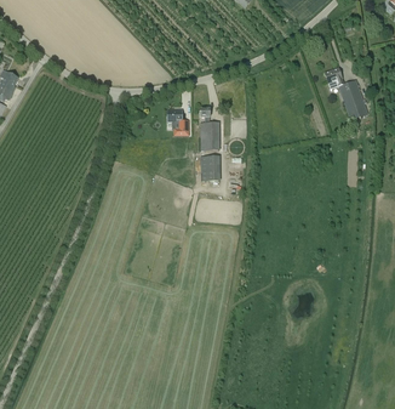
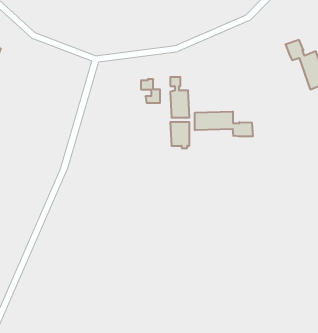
building: none -> [195,111,253,136]

